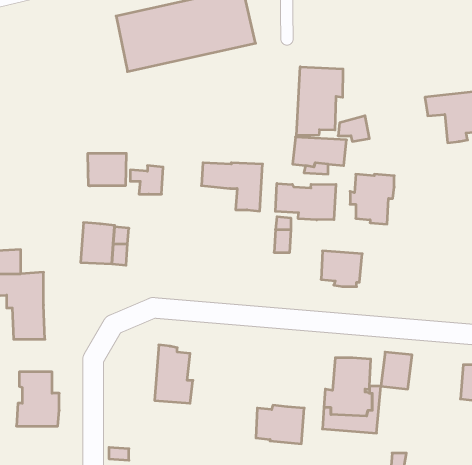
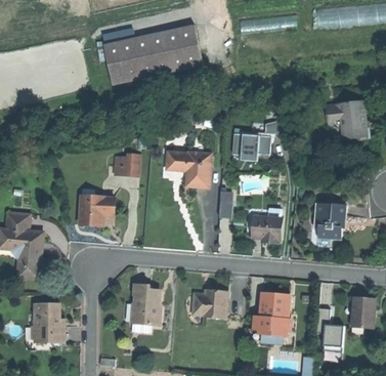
building: [296,67,343,136] -> none
building: [88,153,126,186] -> none
building: [350,174,394,224] -> [313,203,345,239]
building: [275,183,336,220] -> none
building: [381,352,412,389] -> [320,323,343,349]
building: [256,405,304,444] -> [191,290,226,318]

